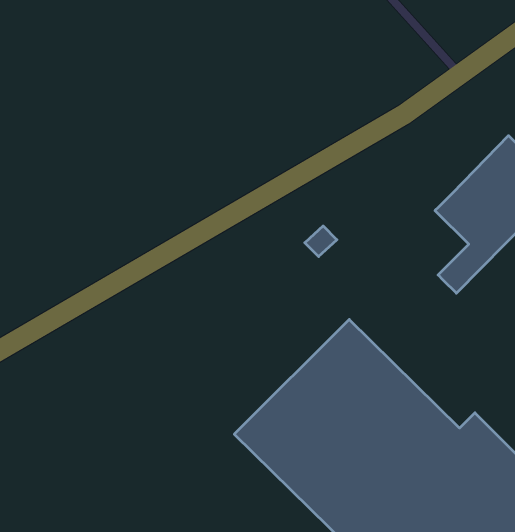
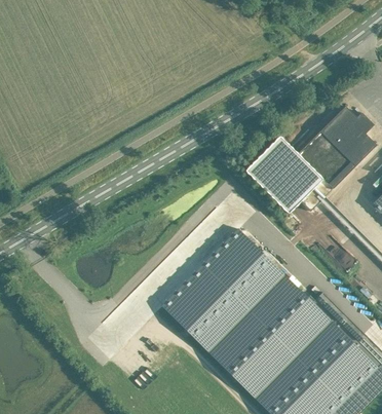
building: none -> [245,136,319,215]

